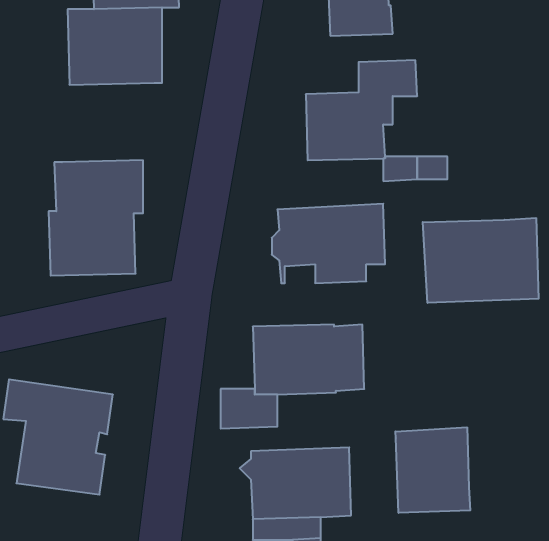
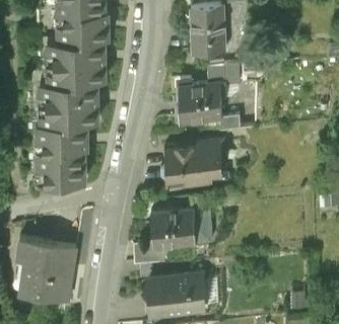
building: none -> [47,78,98,120]
building: [423,218,539,303] -> none
building: [395,427,470,513] -> none

